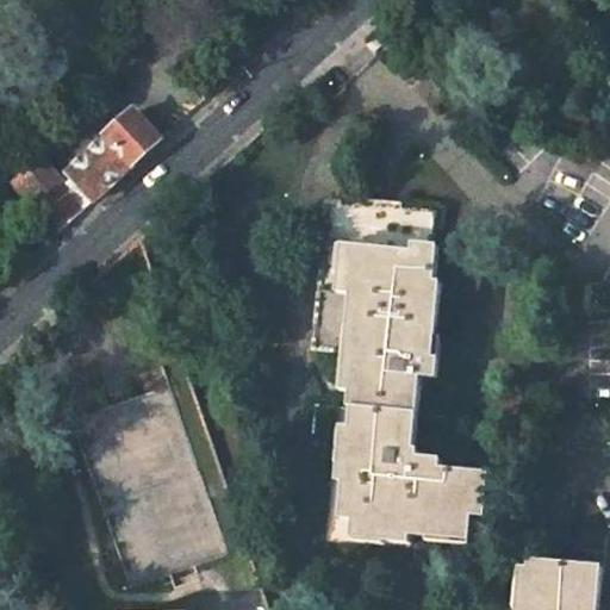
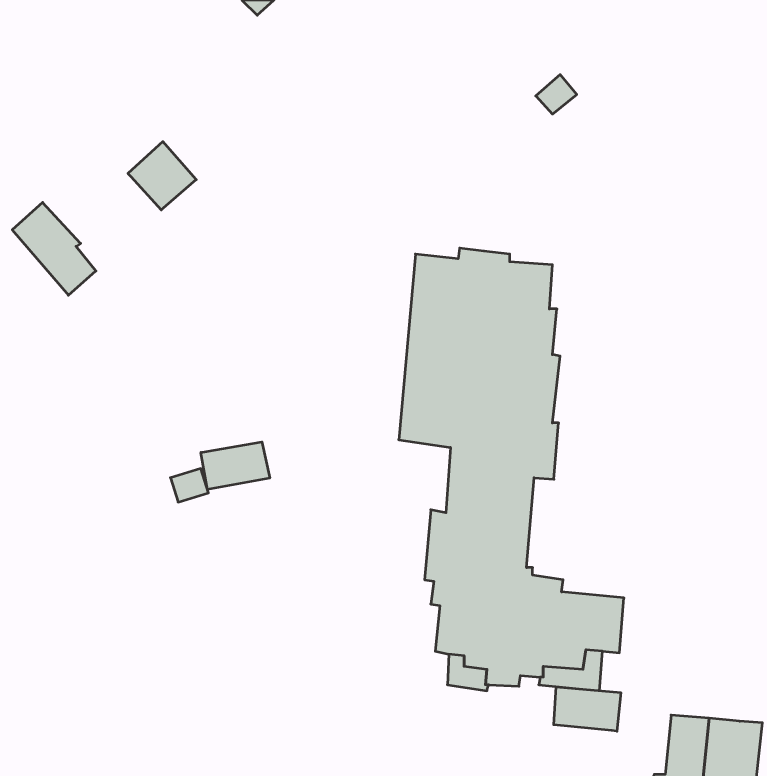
building: [63,139,126,203] -> none
building: none -> [201,442,270,490]
building: none -> [554,687,621,731]

